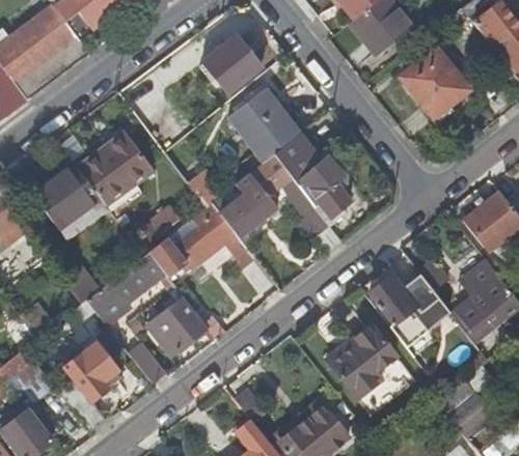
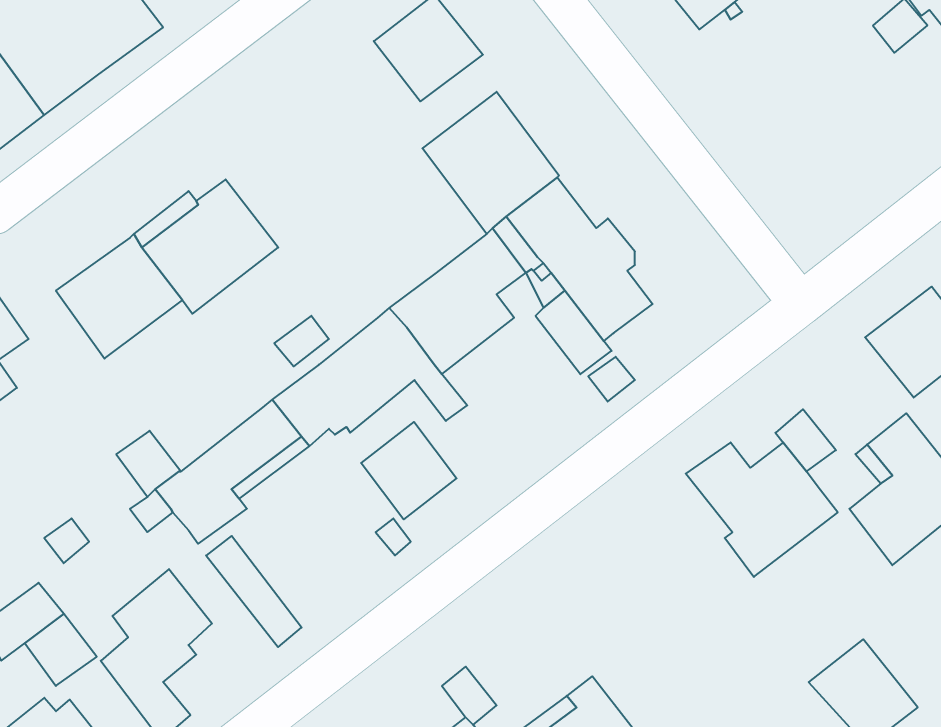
building: [402,47,471,117] -> none
building: [155,297,206,349] -> [361,422,457,519]
building: [330,322,395,396] -> none

